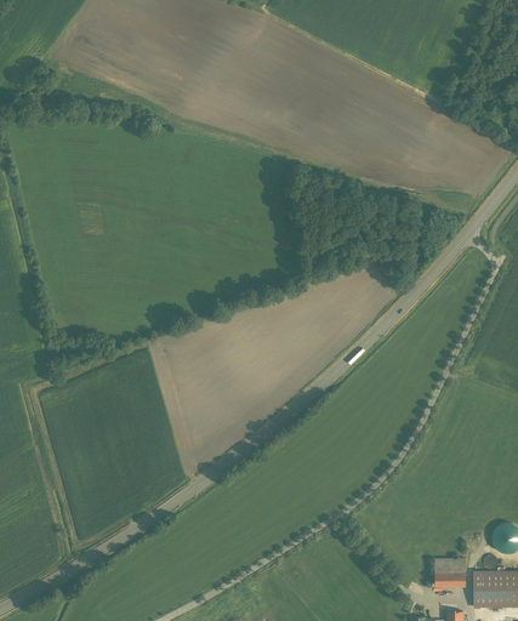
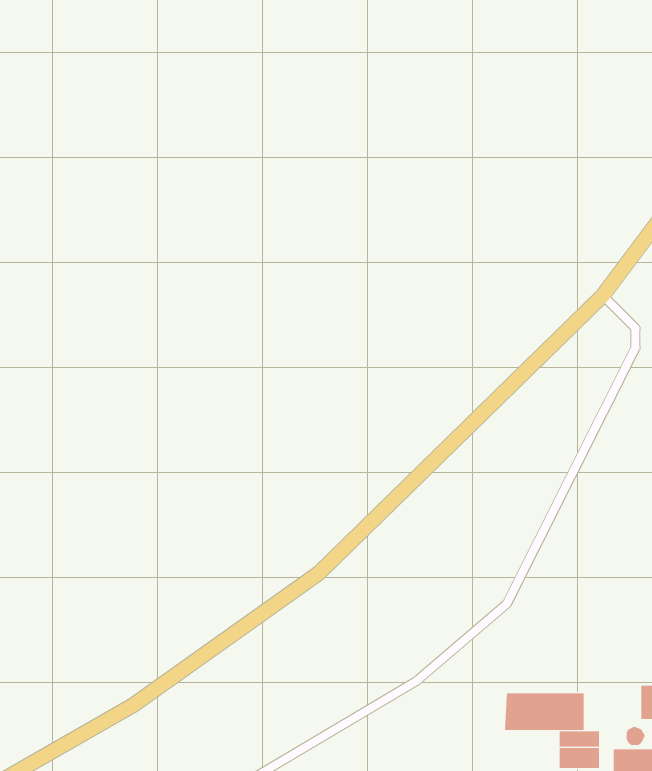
building: none -> [505,692,584,731]

